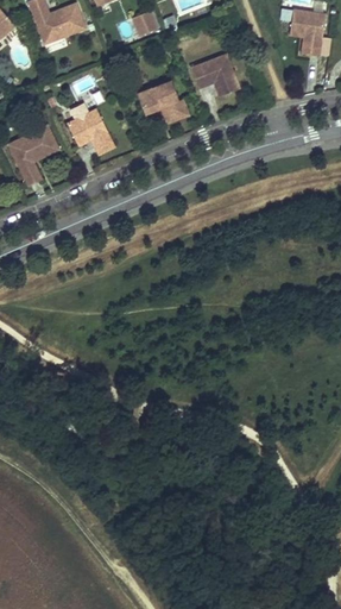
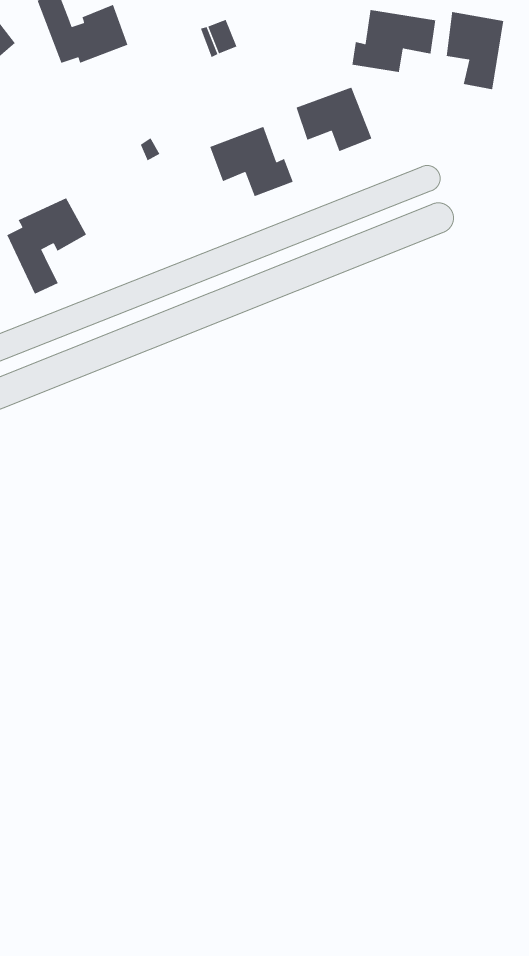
building: none -> [351,9,436,73]
building: [68,108,115,155] -> none

